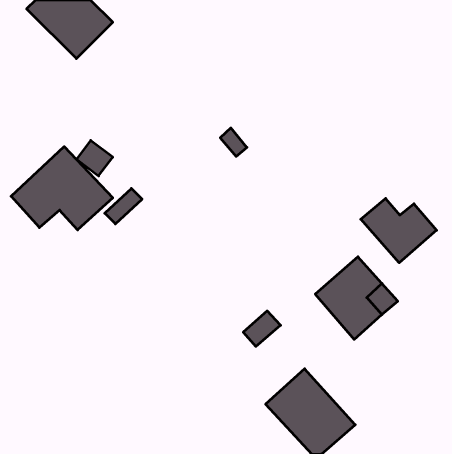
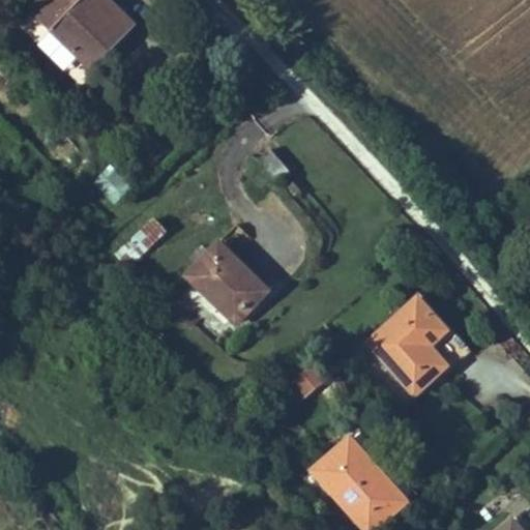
building: [11,147,113,230] -> none
building: [361,198,437,263] -> none
building: none -> [185,243,266,323]

